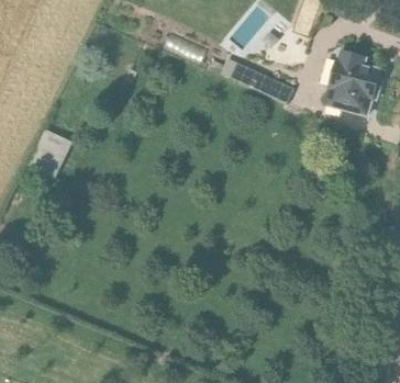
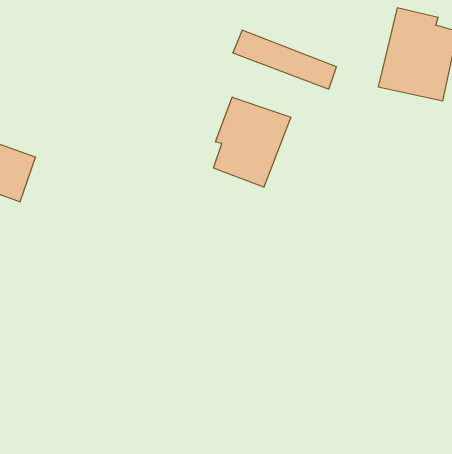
building: none -> [213,97,291,187]

